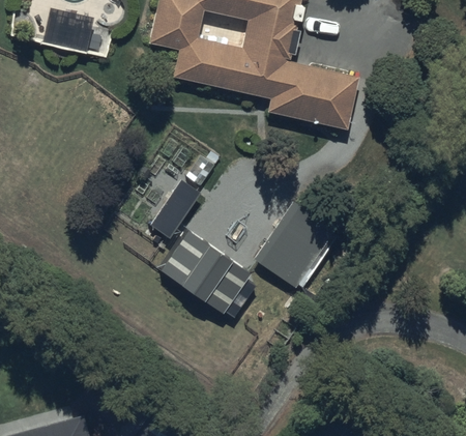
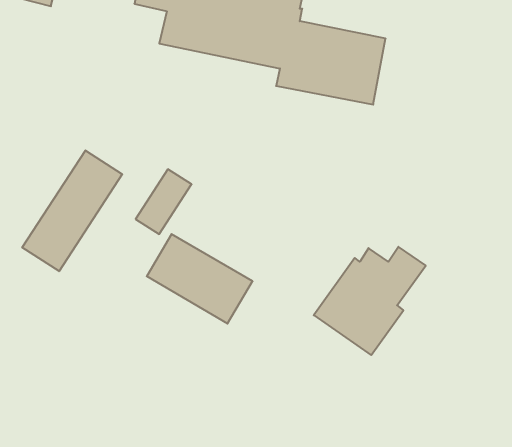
building: none -> [22,150,122,271]
building: [251,199,344,289] -> [314,247,426,355]

